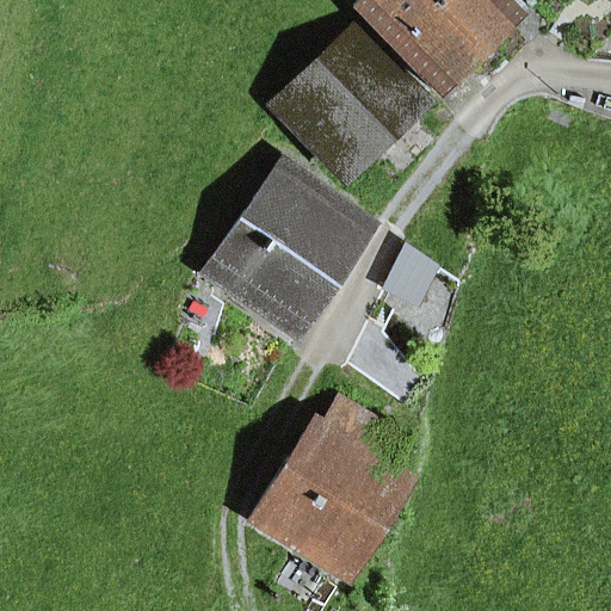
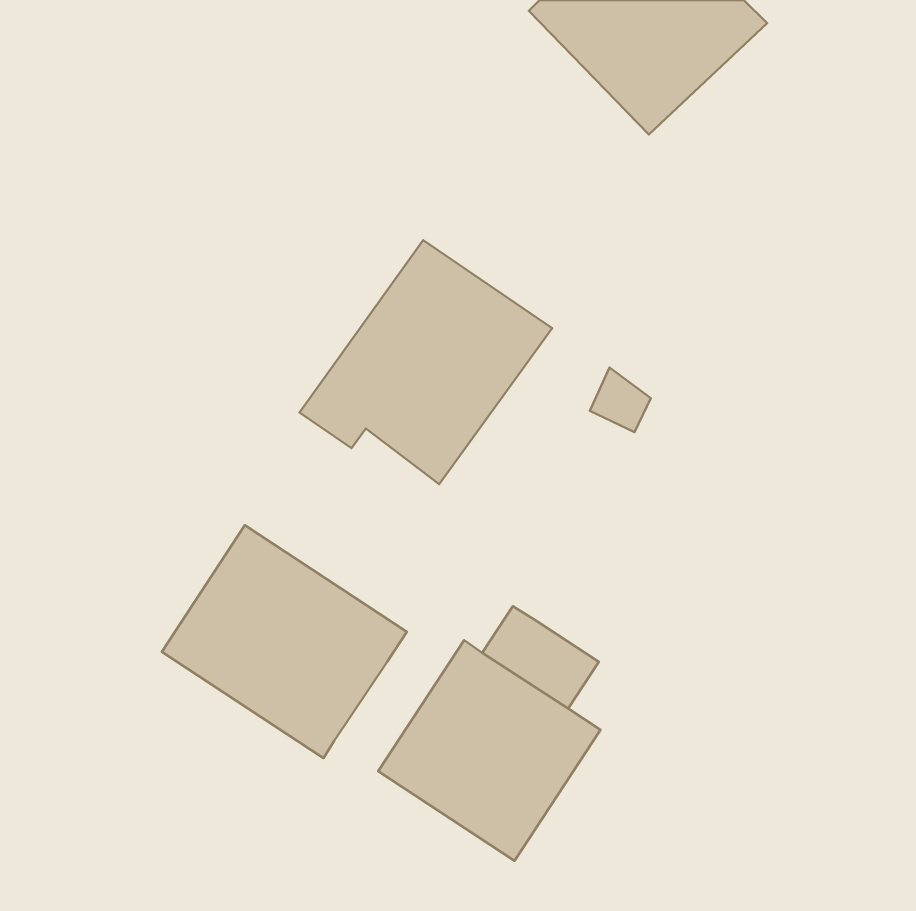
building: [274,29,422,178] -> none
building: none -> [162,525,407,758]

